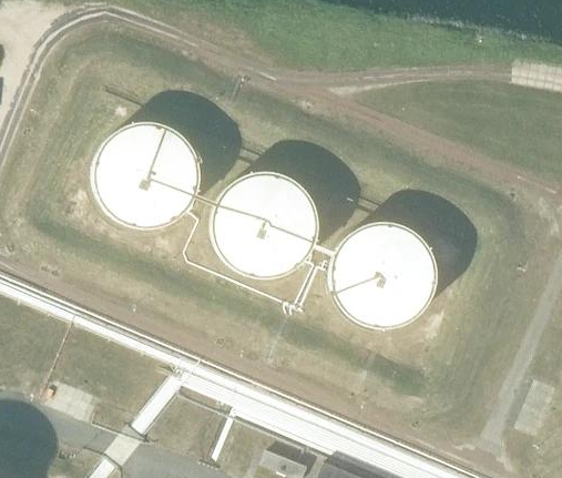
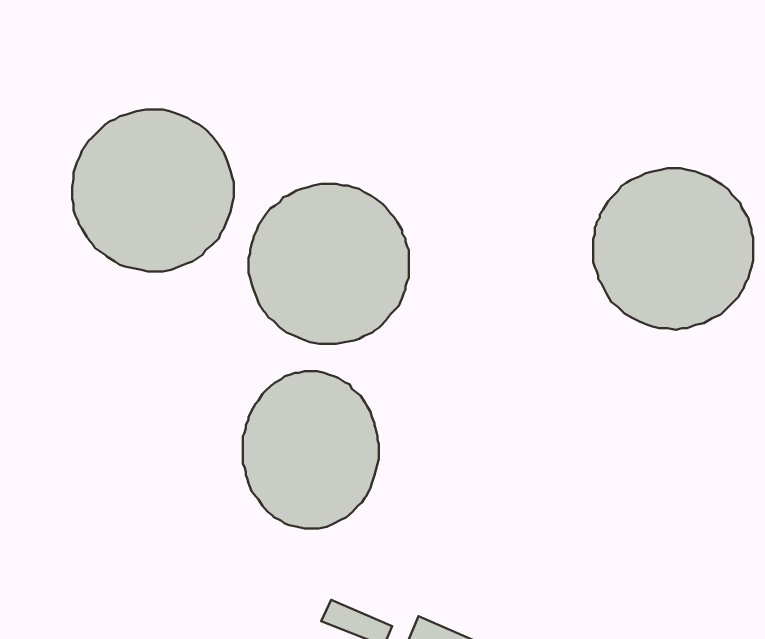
building: [329,221,437,329] -> [593,168,753,330]
building: none -> [243,371,379,529]

